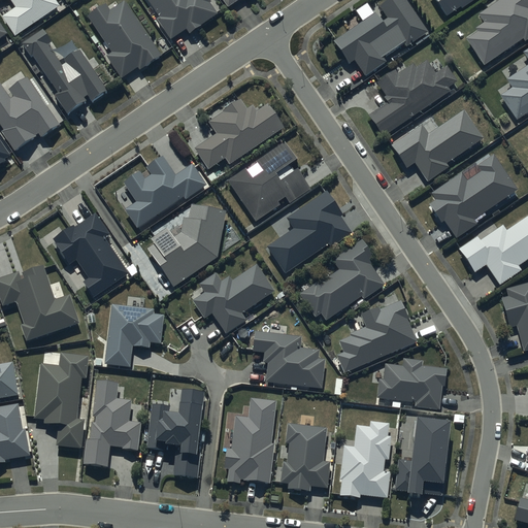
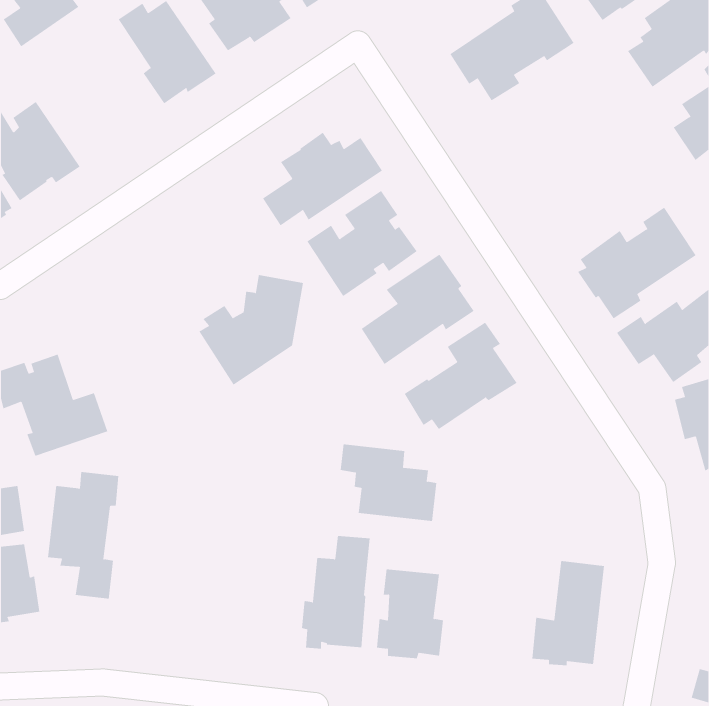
building: [22,29,106,113] -> none
building: [368,59,458,135] -> none
building: [391,109,484,180] -> none
building: [123,155,205,227] -> none
building: [53,212,128,296] -> none
building: [193,264,274,333] -> none
building: [337,300,417,371] -> none
building: [105,303,164,365] -> none
building: [376,357,447,408] -> none
building: [85,378,140,465] -> none
building: [145,388,203,477] -> none
building: [339,420,391,498] -> none

